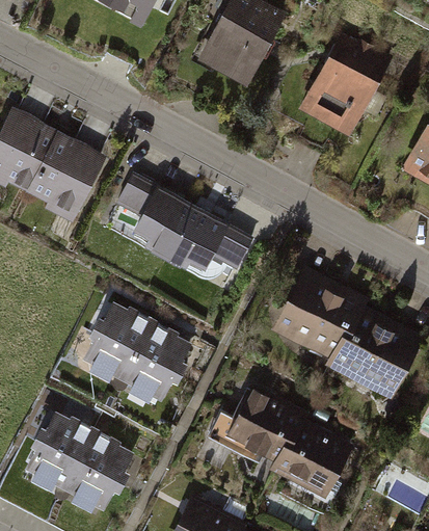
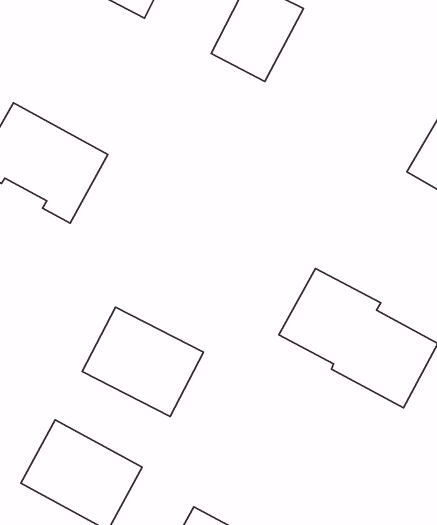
building: [303,50,387,139] -> none
building: [113,170,251,269] -> none
building: [207,386,348,495] -> none

